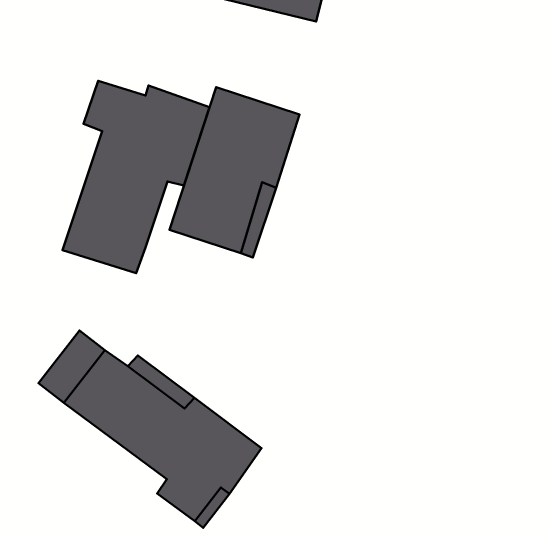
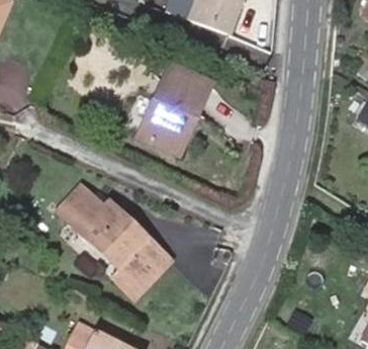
building: [63,81,210,273] -> none

